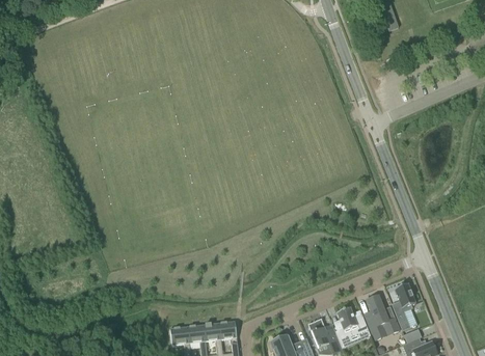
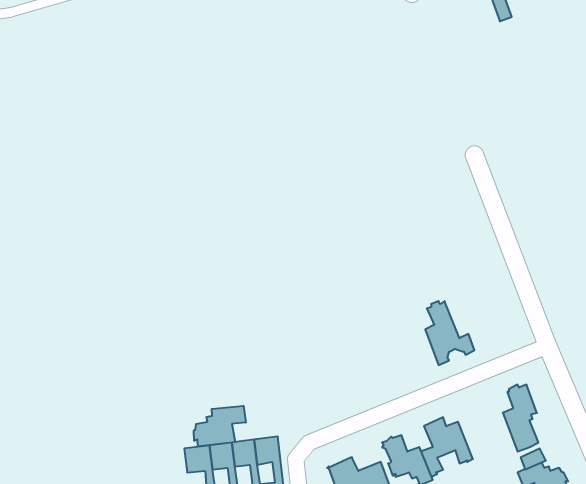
building: [365,296,399,340] -> [425,301,474,365]
building: none -> [194,406,246,446]

